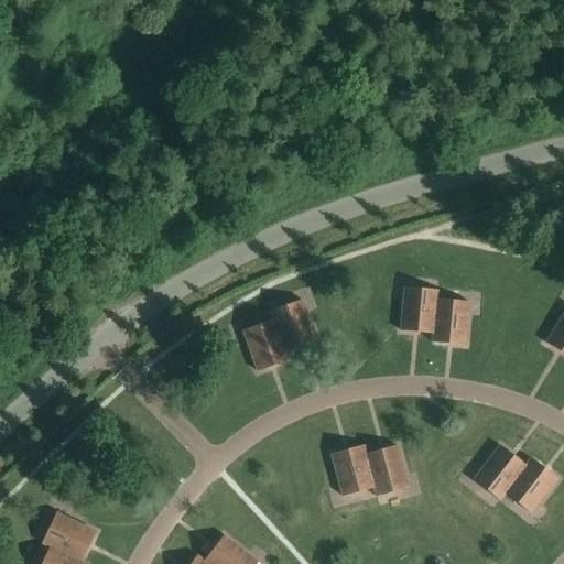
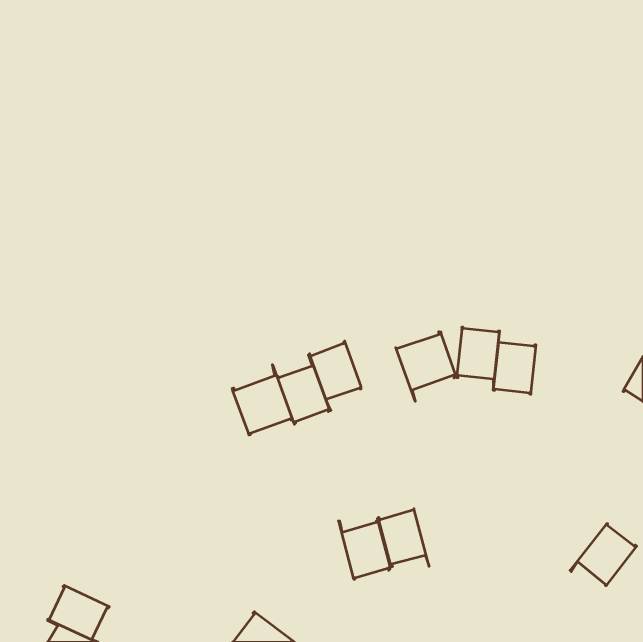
building: none -> [396,332,457,401]
building: none -> [232,365,292,435]
building: [362,445,408,496] -> [338,521,390,579]
building: [473,445,531,499] -> none

